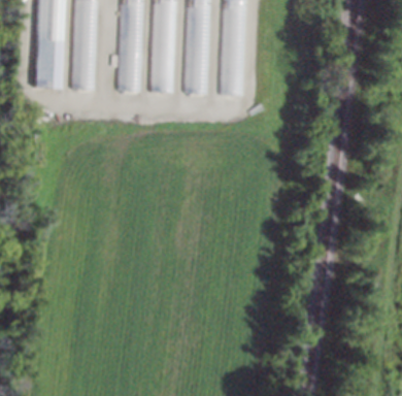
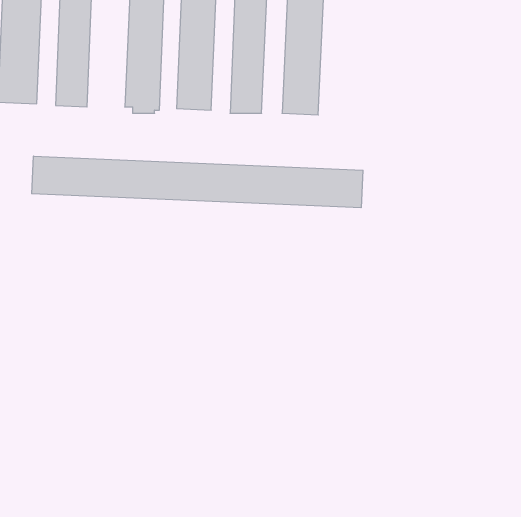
building: none -> [32,156,363,208]

